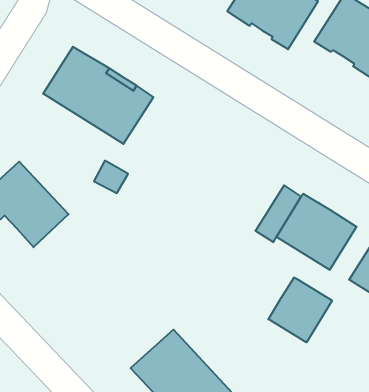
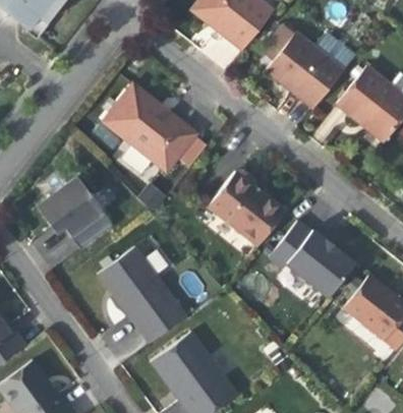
building: none -> [209,172,286,247]
building: none -> [99,247,187,344]
building: [268,277,332,342] -> none

